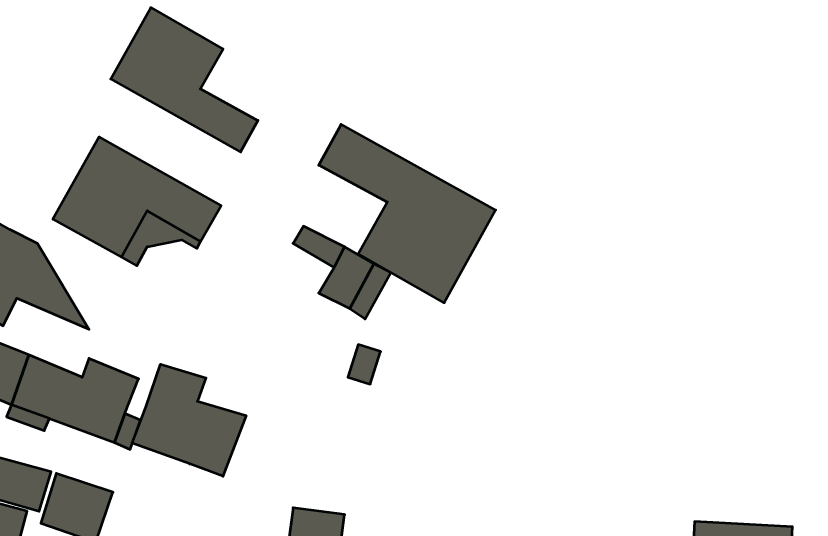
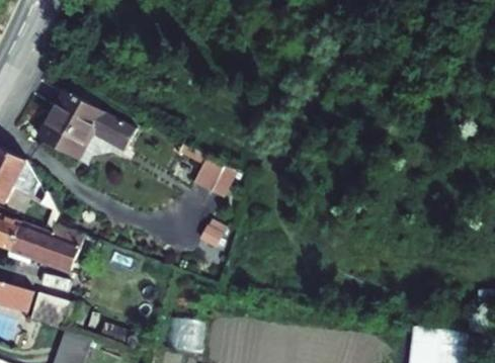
building: [111,8,258,152] -> none
building: [319,124,496,303] -> none
building: [132,364,246,476] -> none

